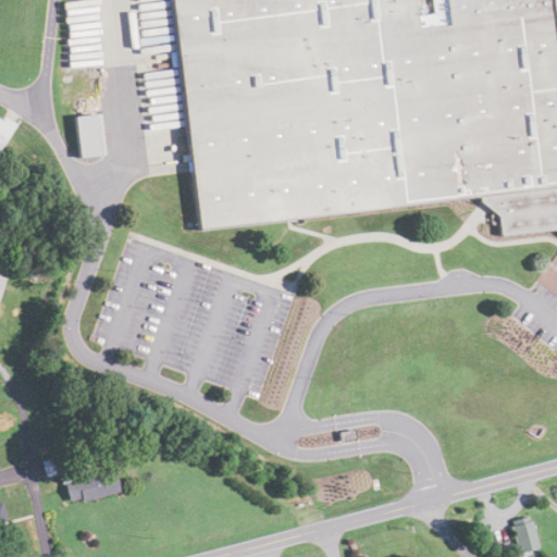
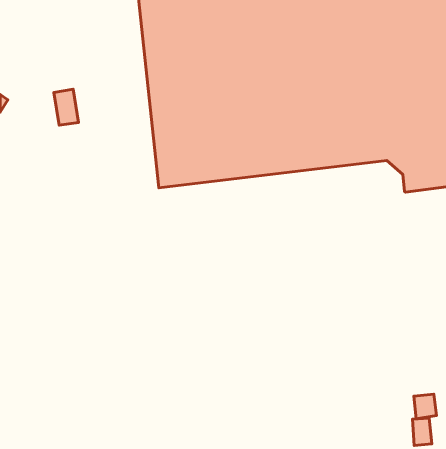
building: [66,468,121,502] -> none
building: none -> [414,394,436,419]

